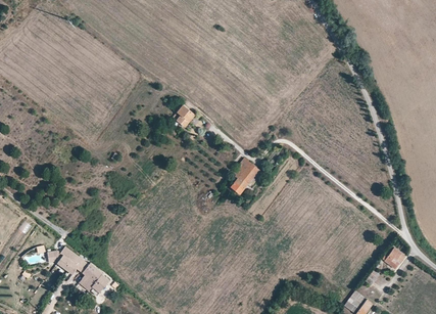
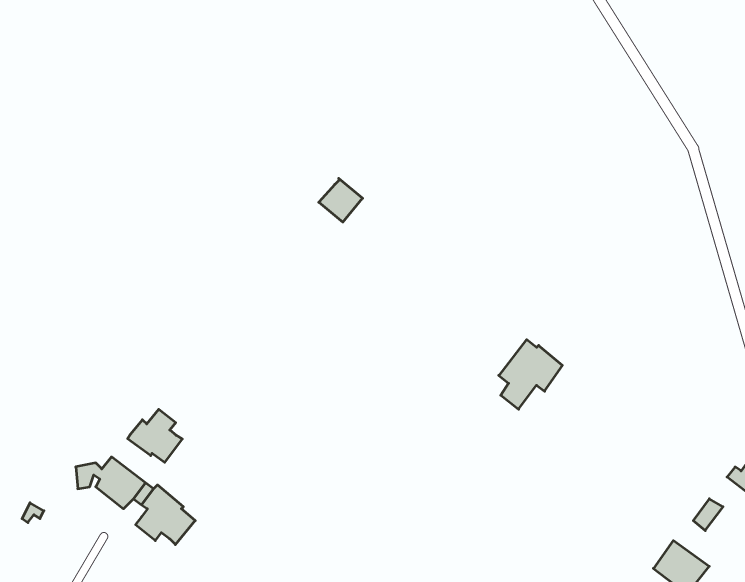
building: [229,159,261,194] -> [499,340,562,409]
building: none -> [128,409,182,462]

